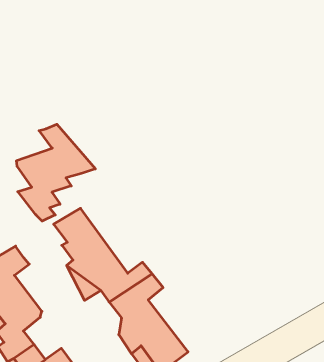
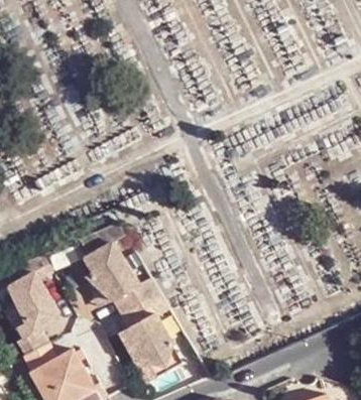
building: [17,124,95,221] -> none

